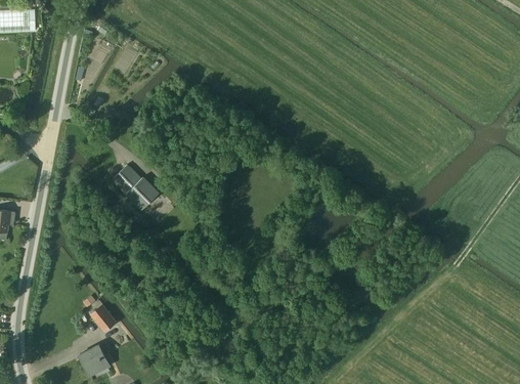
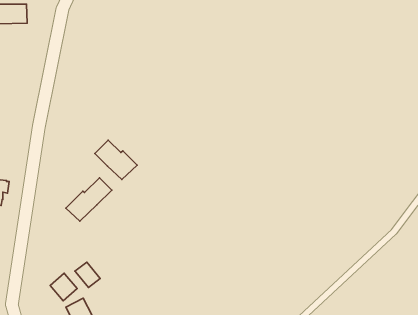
building: none -> [66,178,112,221]
building: none -> [50,273,77,301]

